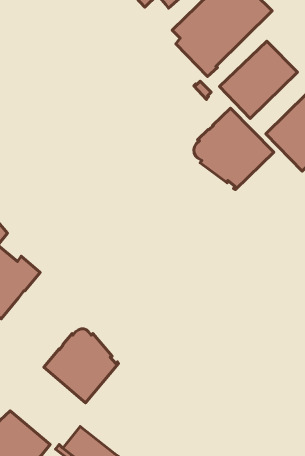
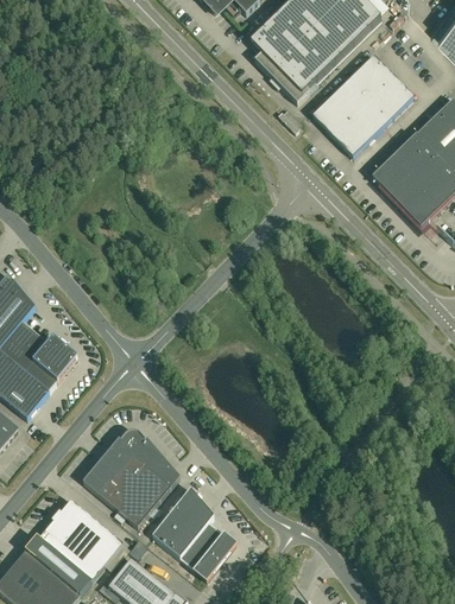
building: [194,108,274,189] -> none
building: none -> [152,488,236,580]
building: none -> [38,498,124,581]

